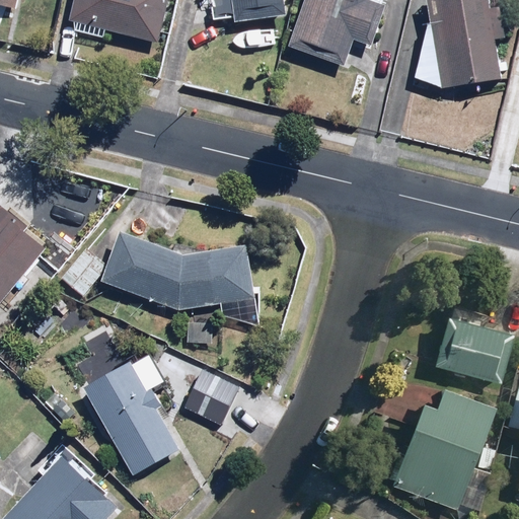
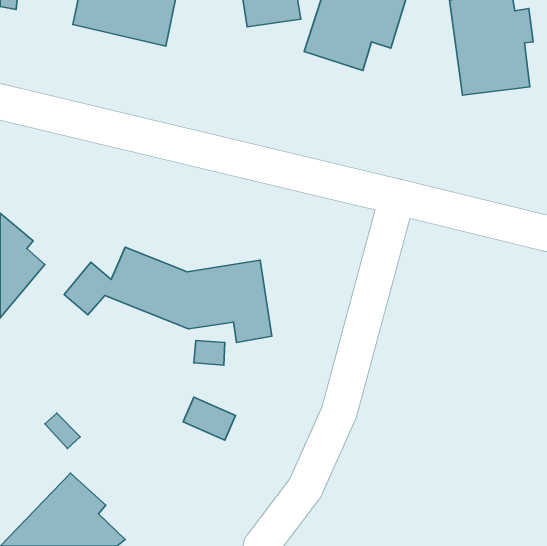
building: [431,312,510,382] -> none
building: [76,328,178,478] -> none
building: [389,384,495,511] -> none

